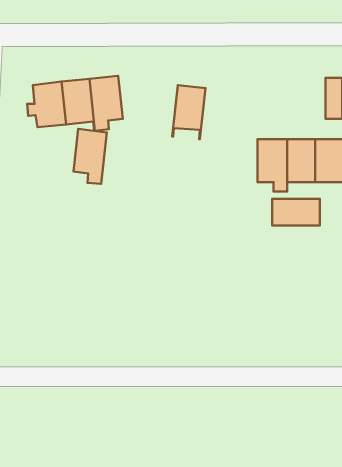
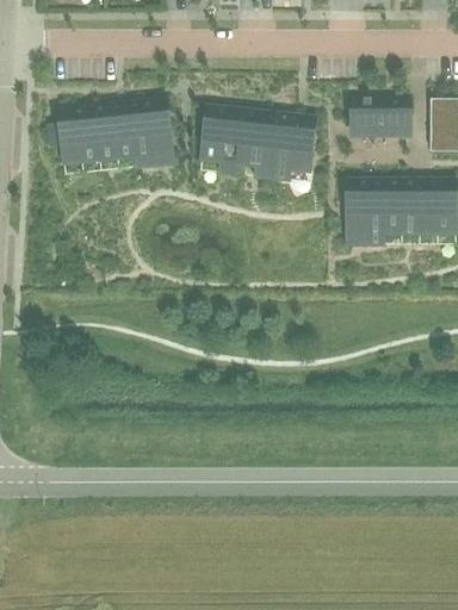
building: none -> [351,104,410,139]
building: none -> [272,118,316,186]
building: [73,129,107,184] -> [200,110,243,180]
building: [272,199,320,225] -> none

